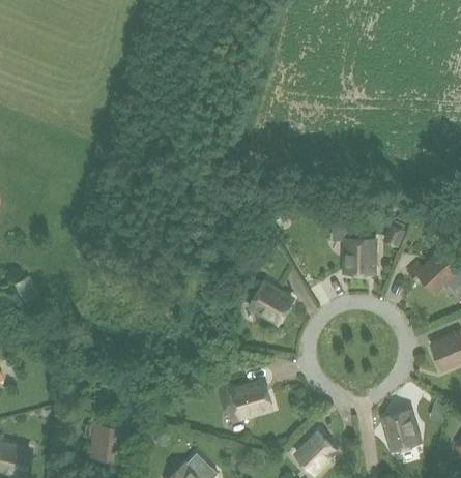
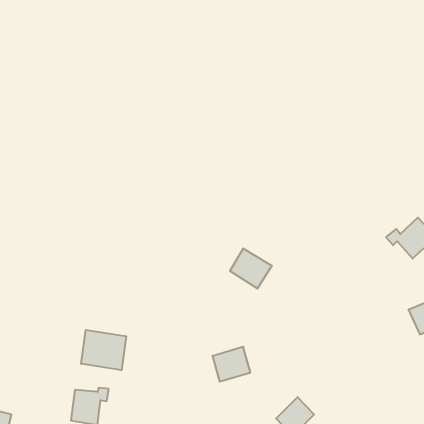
building: [345,239,373,273] -> none
building: none -> [81,330,126,370]
building: [383,410,419,450] -> none

